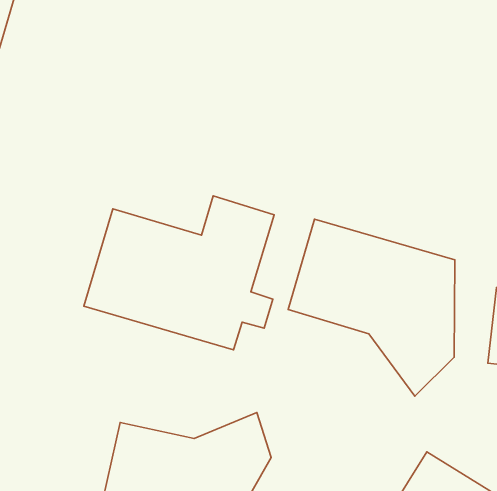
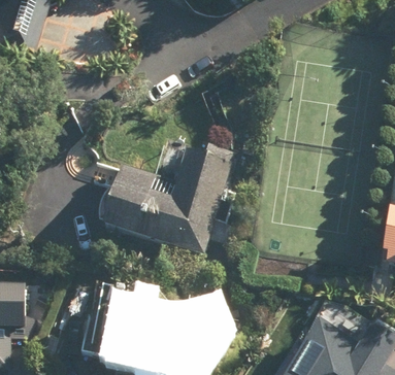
building: [288,219,455,396] -> none

